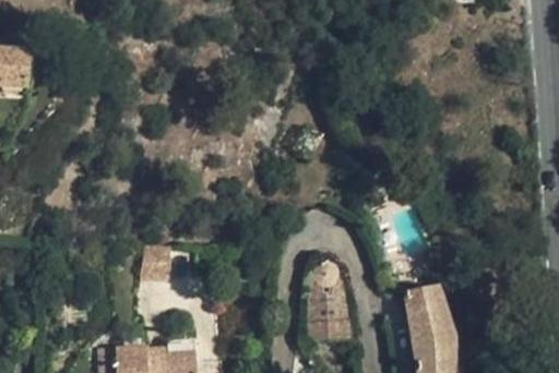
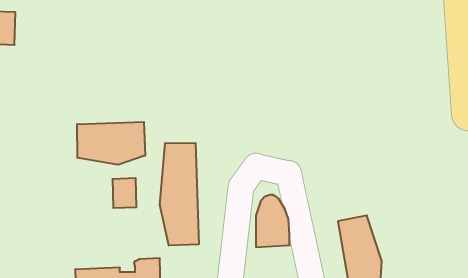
building: none -> [77,122,145,165]
building: none -> [160,143,199,246]

